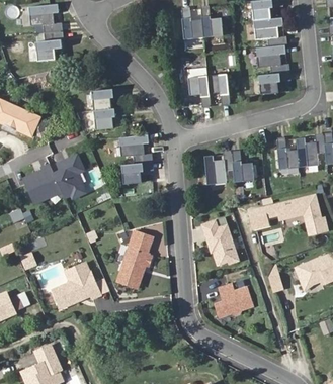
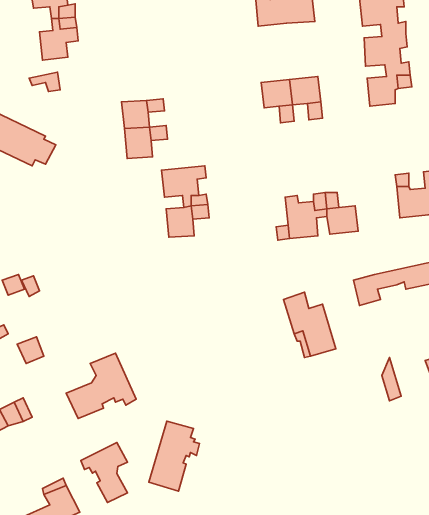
building: [23,155,86,204] -> none
building: [118,239,153,287] -> [149,421,200,491]
building: [215,284,254,318] -> none
building: none -> [81,443,127,503]

